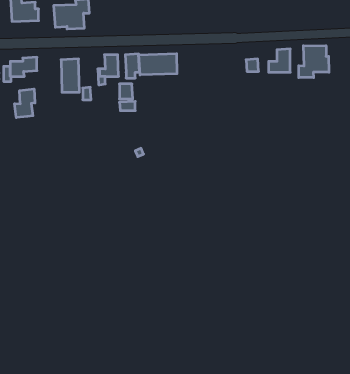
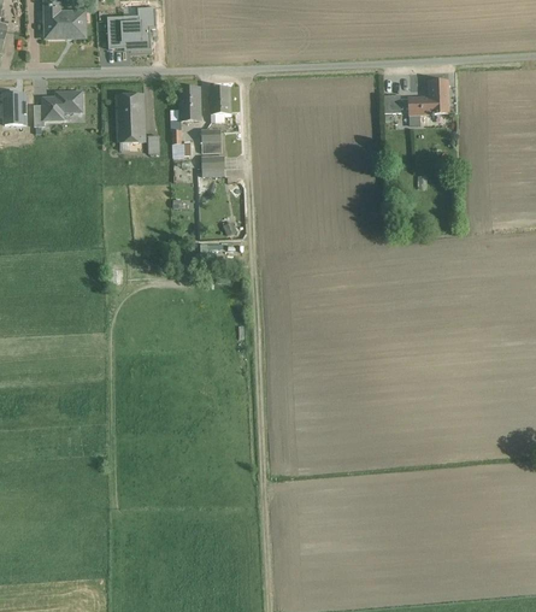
building: [299,46,329,78] -> none
building: [139,54,177,75] -> none
building: [15,89,35,118] -> none

